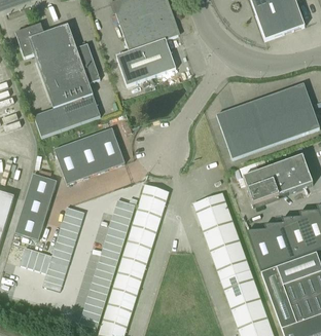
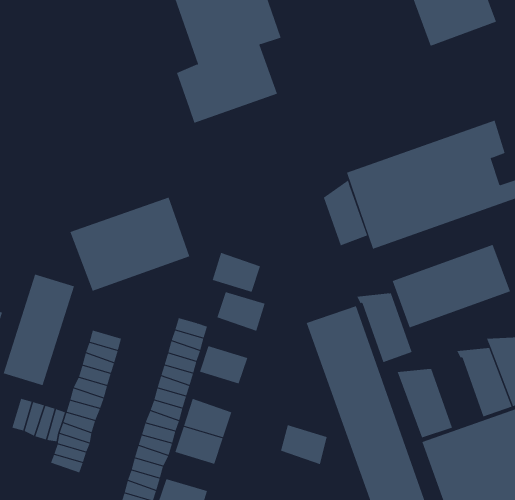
building: [17,23,100,136] -> none
building: none -> [323,179,368,246]
building: [135,198,164,222] -> [212,252,261,292]
building: [263,222,296,263] -> [356,293,412,363]
building: [126,230,153,254] -> [280,425,327,465]
building: [110,277,139,300] -> none

